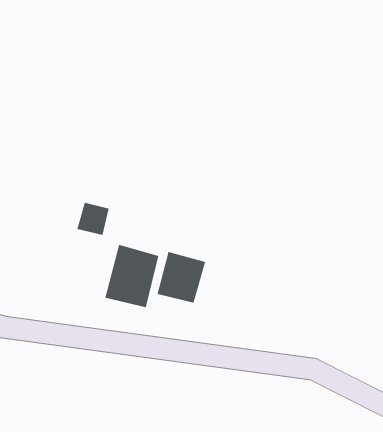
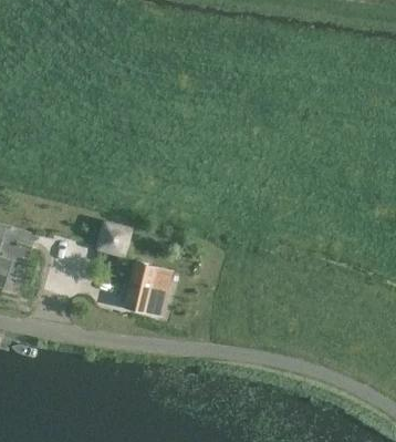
building: [157,251,206,304] -> none

